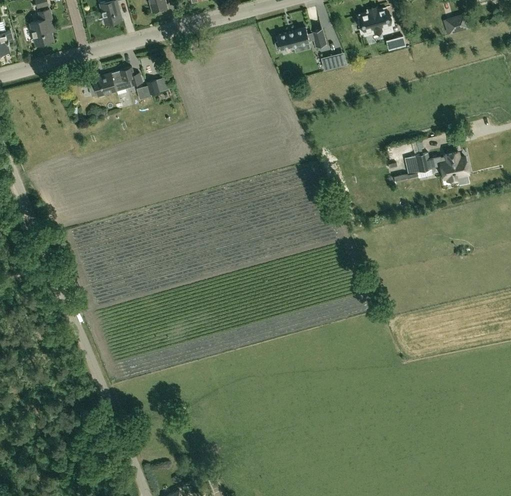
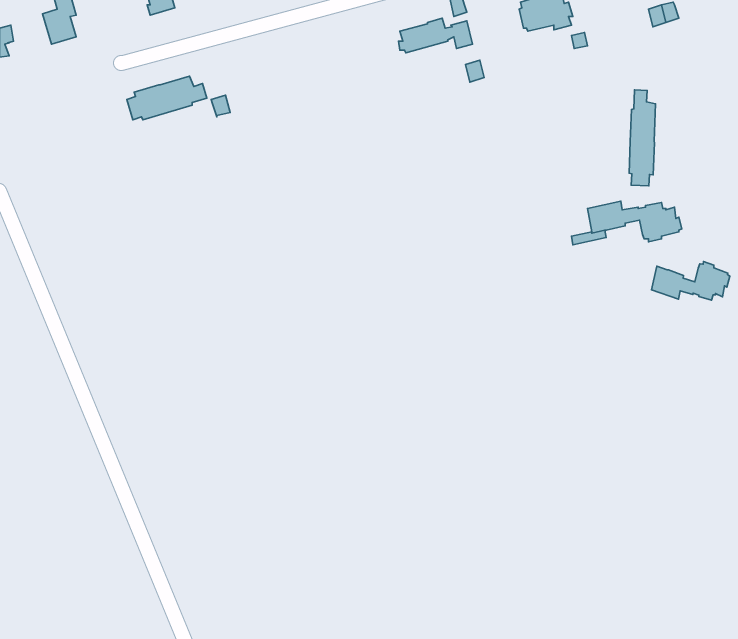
building: none -> [629,90,656,186]
building: none -> [652,261,730,300]

